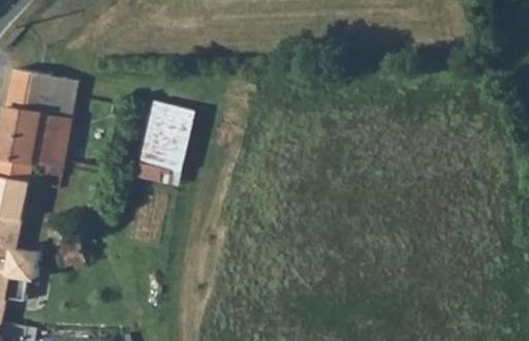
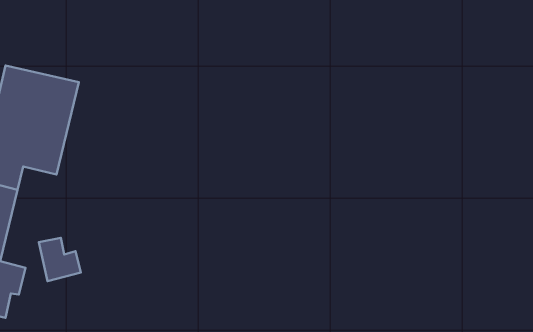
building: [139,111,194,180] -> none

